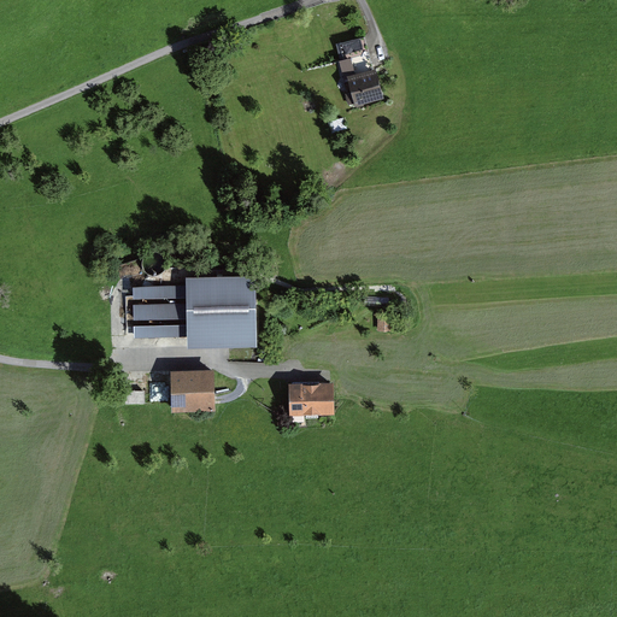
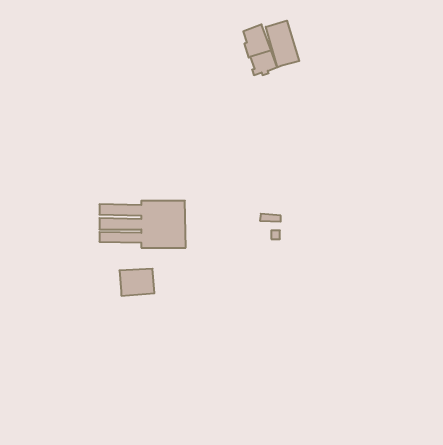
building: none -> [266,21,299,67]
building: [286,386,333,415] -> none

